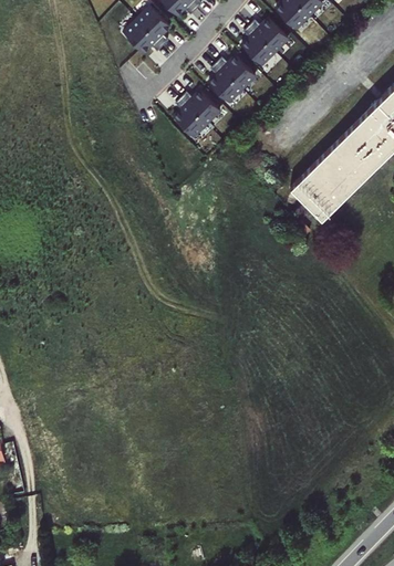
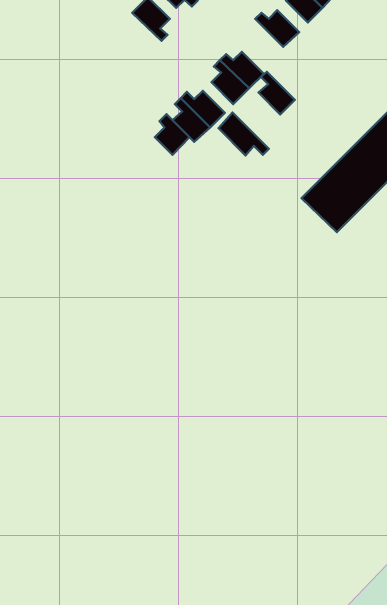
building: [123,22,163,55] -> none
building: [240,28,273,66] -> [258,72,295,115]
building: none -> [219,113,269,155]
building: none -> [155,114,189,155]

